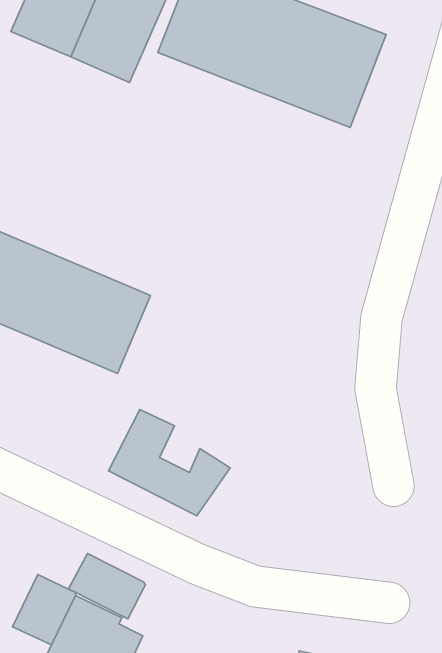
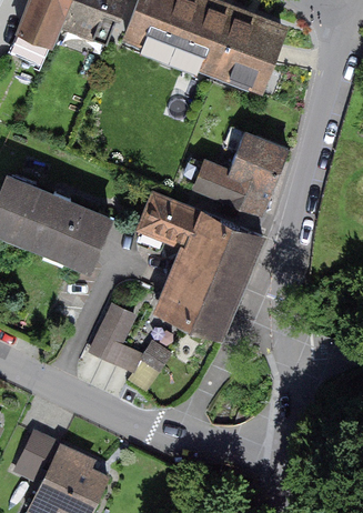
building: none -> [193,124,290,209]
building: none -> [134,190,264,343]
building: [69,553,146,619] -> none

